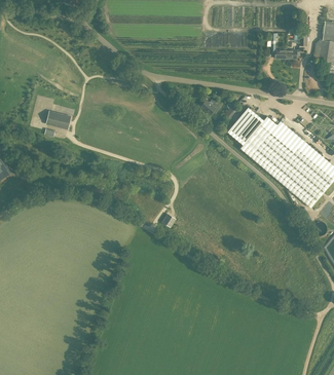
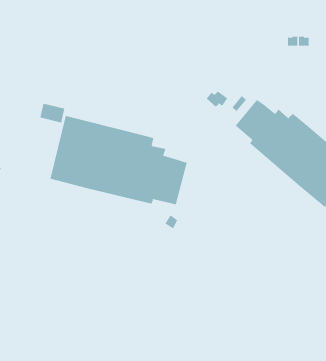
building: none -> [50,115,187,205]

